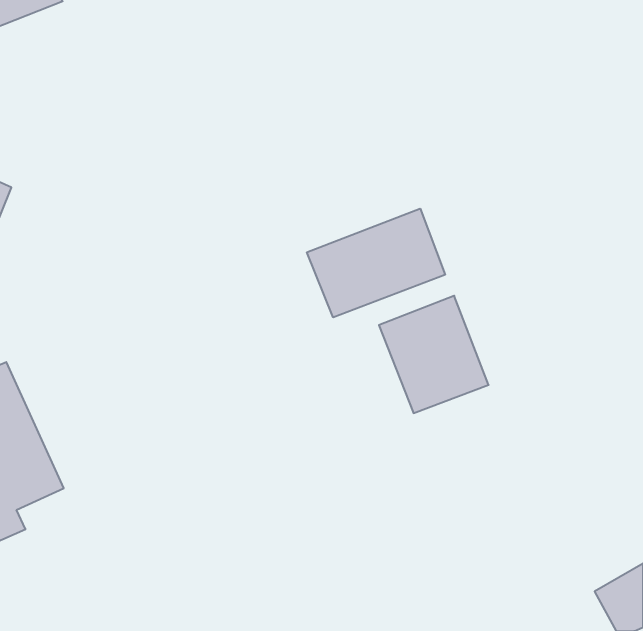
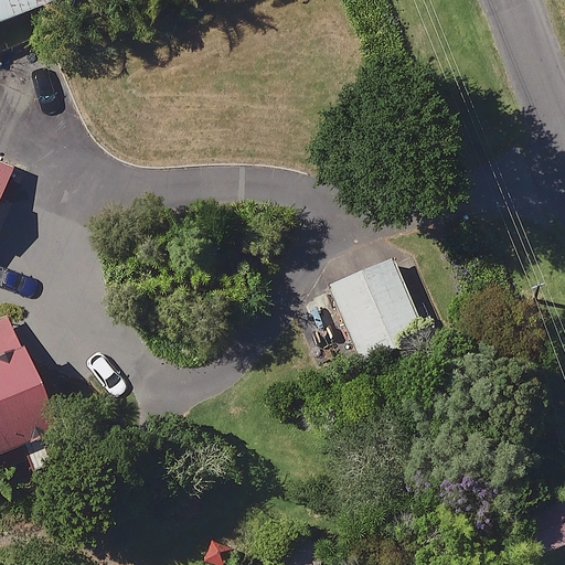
building: [307,209,445,317] -> none

